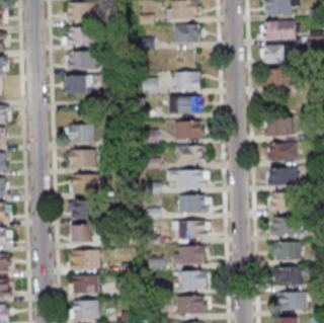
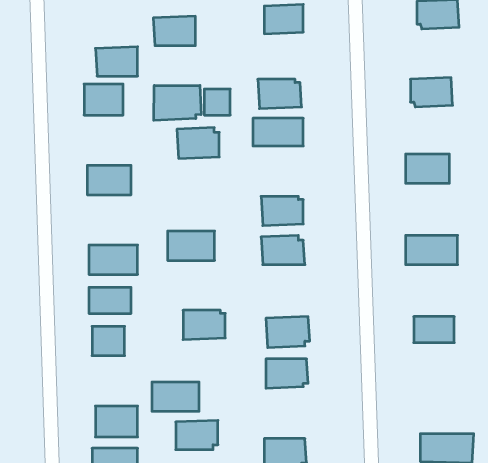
building: [71,27,97,46] -> [153,16,195,46]
building: [268,46,295,64] -> none
building: none -> [154,85,201,120]
building: [174,120,200,140] -> [177,128,219,158]
building: [267,144,296,162] -> none
building: [66,151,95,169] -> [168,231,215,260]
building: [267,194,296,211] -> none
building: [178,195,205,214] -> [183,310,225,340]
building: [272,244,301,261] -> none
building: [70,250,99,268] -> [152,382,199,411]
building: [273,268,301,286] -> none
building: [179,270,206,289] -> [176,420,218,450]

